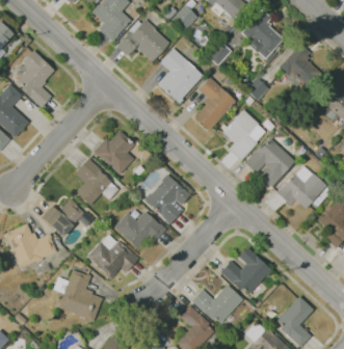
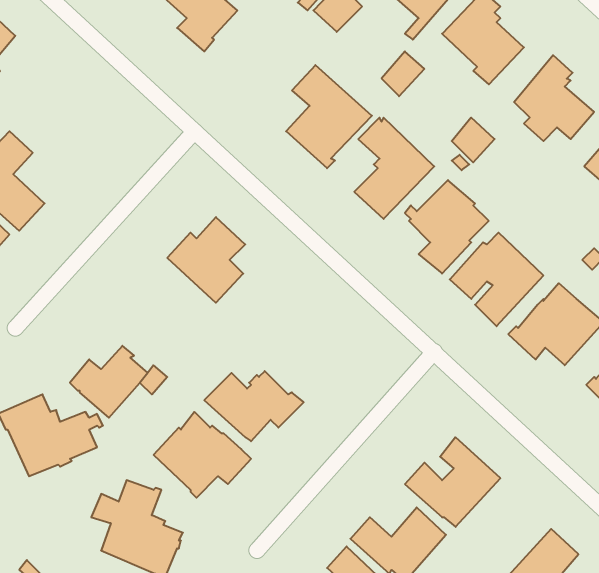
building: [116,19,169,61] -> none
building: [16,50,53,107] -> none
building: [75,158,110,206] -> none
building: [143,174,190,224] -> none

